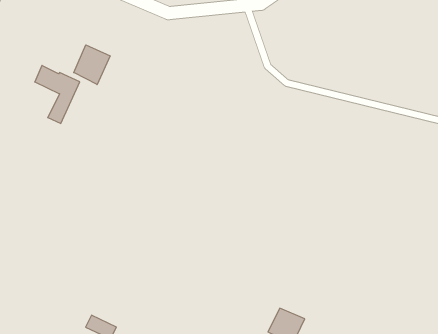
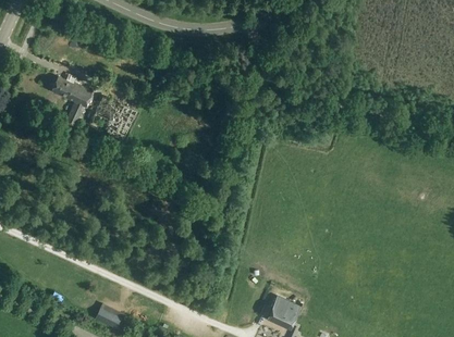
building: [74,45,110,85] -> none

